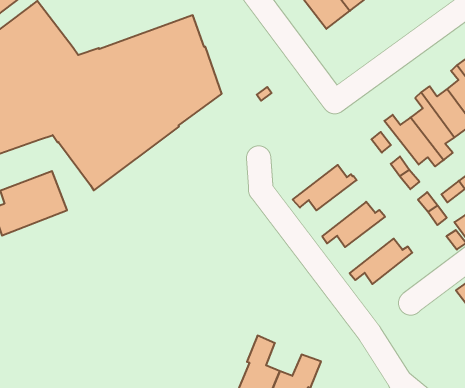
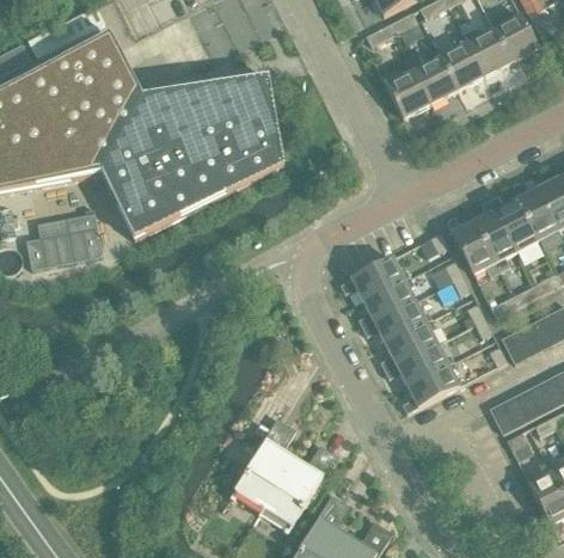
building: none -> [357,276,413,327]
building: none -> [379,319,435,370]
building: none -> [401,361,458,413]

